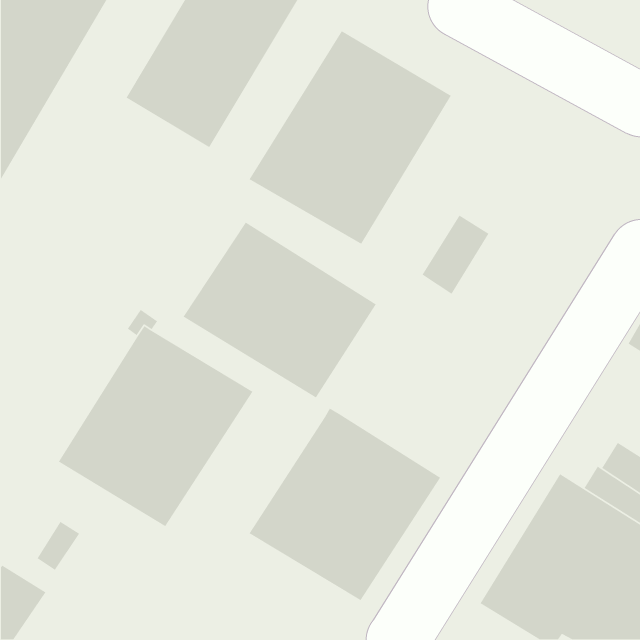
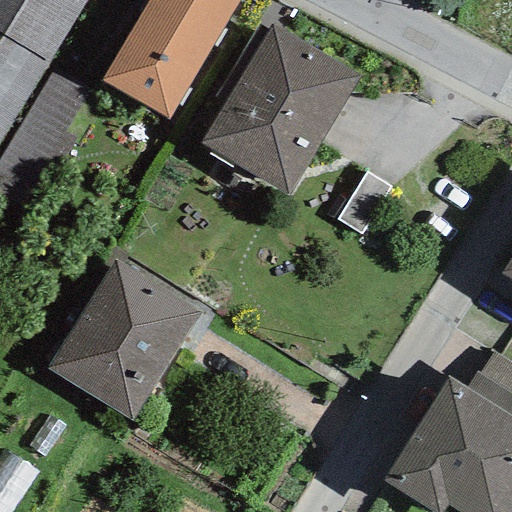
building: [183,221,377,399] -> none
building: [249,408,441,601] -> none

